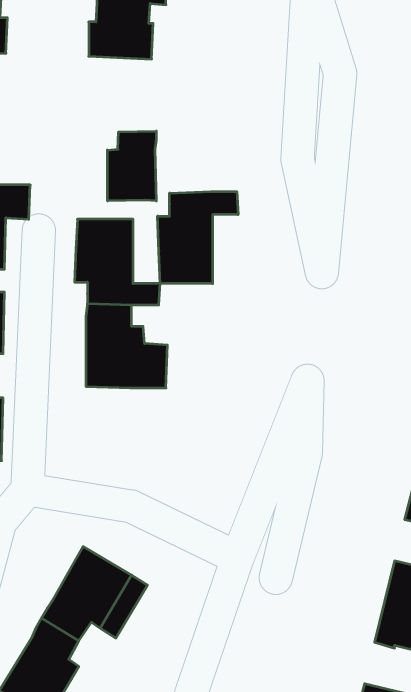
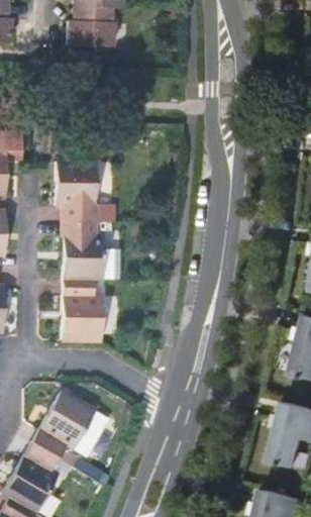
building: [107,131,156,201] -> none
building: [158,192,238,284] -> none
building: none -> [62,280,102,340]

